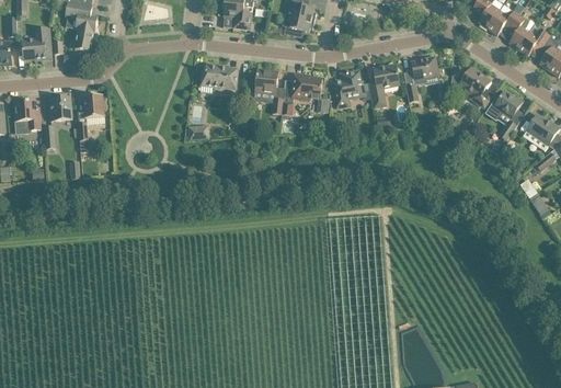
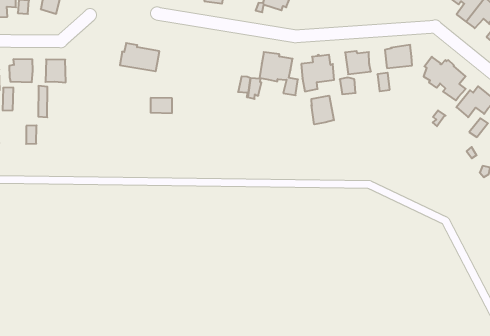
building: [201,64,238,89] -> [120,43,159,71]
building: [254,69,277,94] -> none
building: none -> [311,96,334,124]

